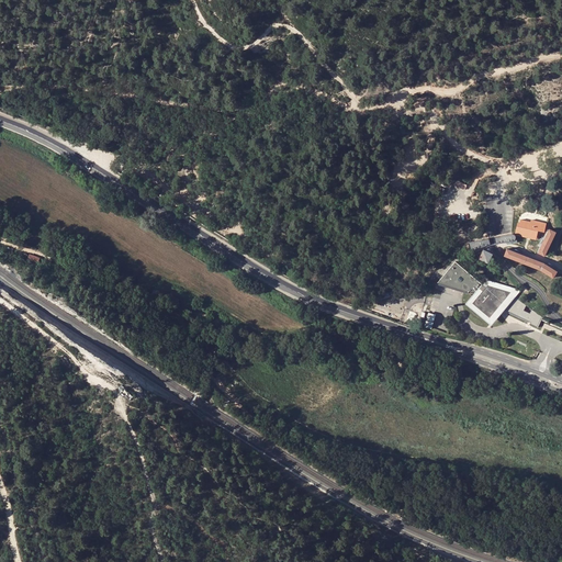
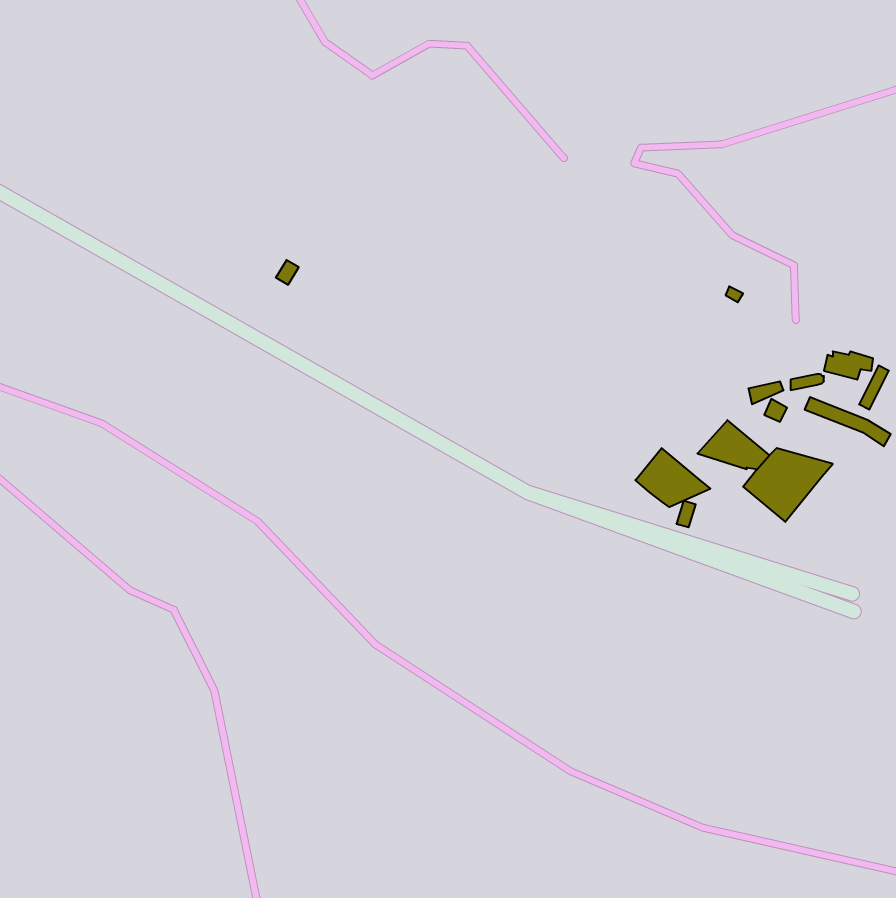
building: none -> [635,448,710,507]
building: [504,297,541,327] -> none

